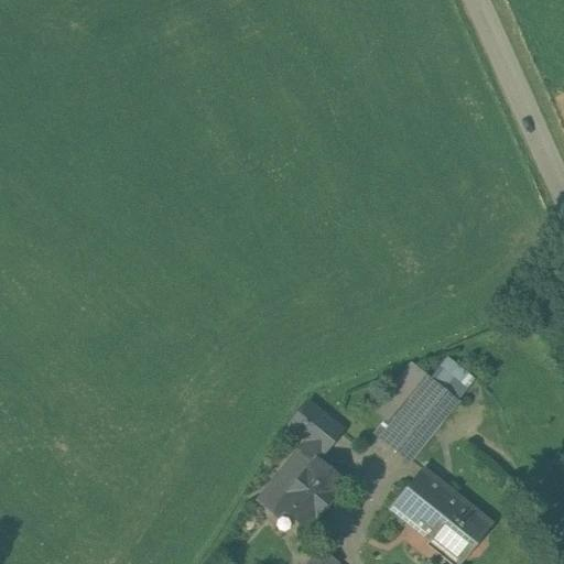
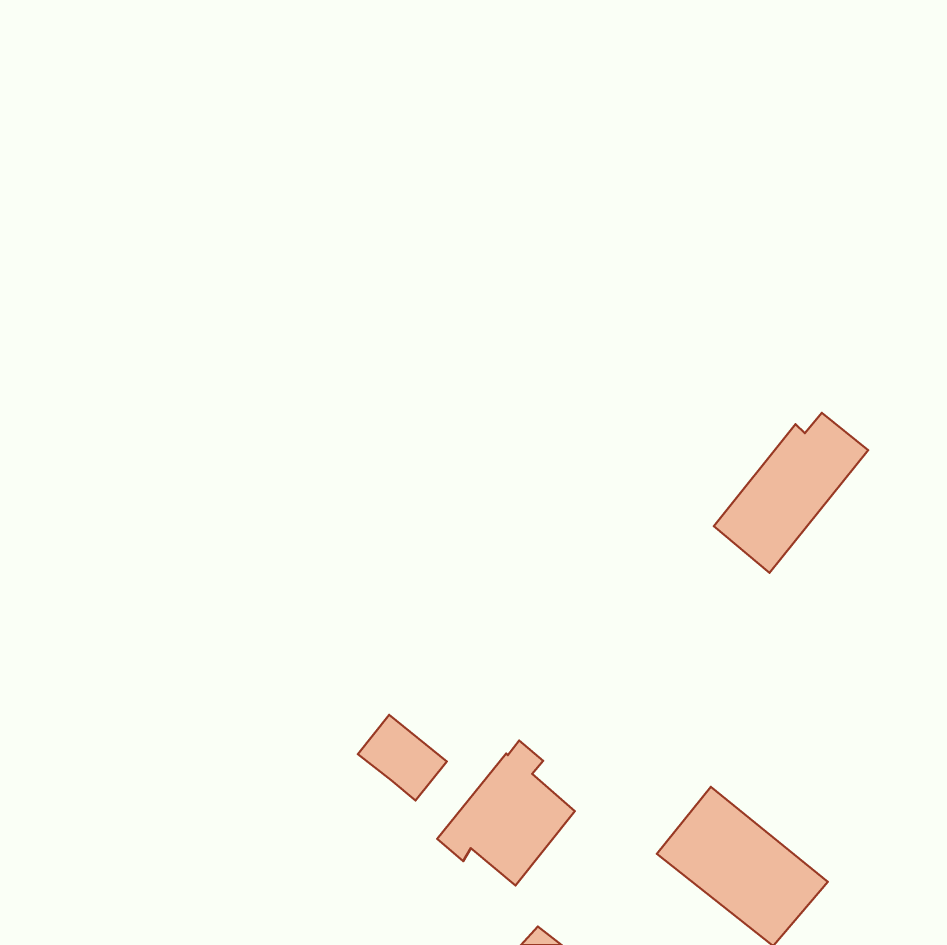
building: [377,365,468,459] -> [714,413,868,573]
building: [290,400,343,451] -> [358,715,447,801]

